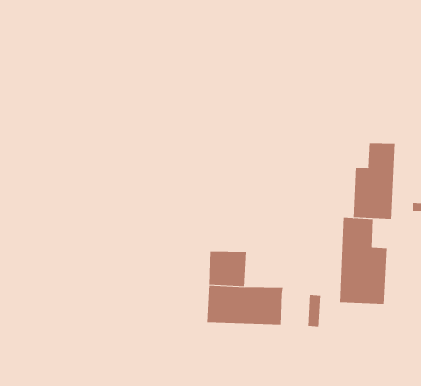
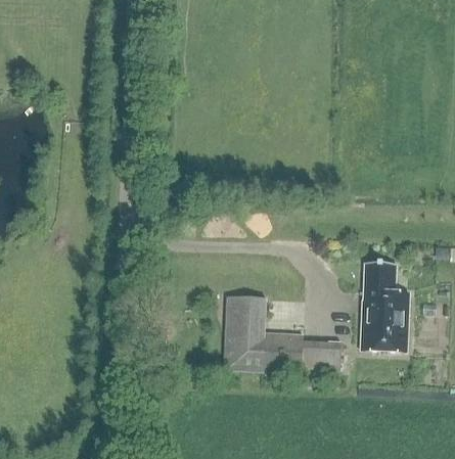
building: [353,142,395,220] -> none
building: none -> [301,339,329,373]

